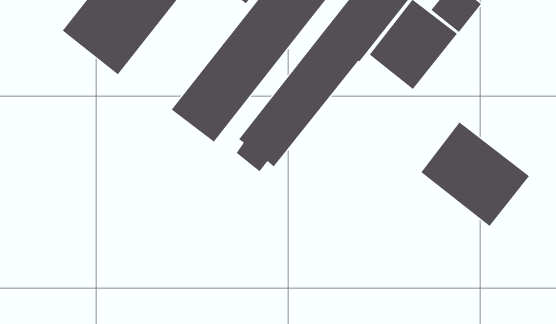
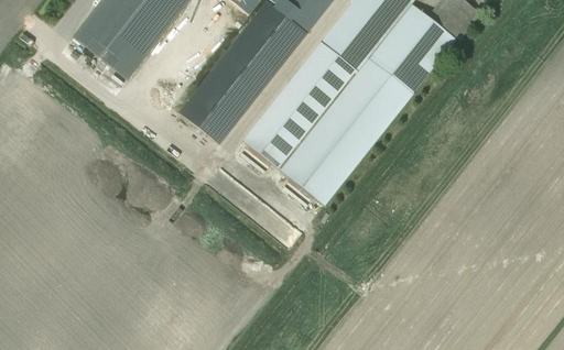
building: none -> [281,58,412,205]
building: [420,121,530,227] -> none

